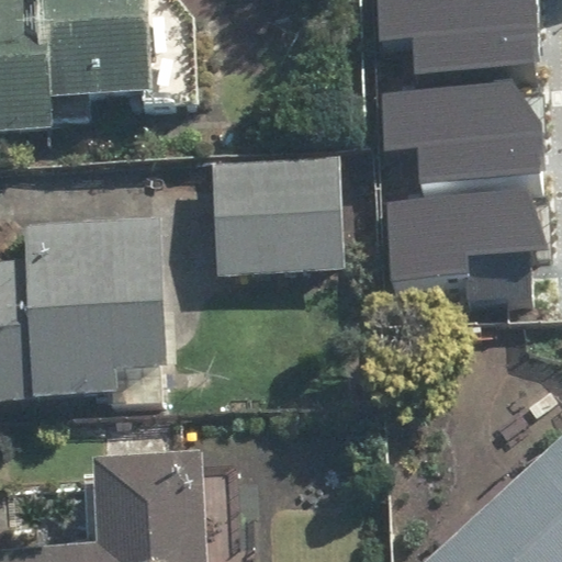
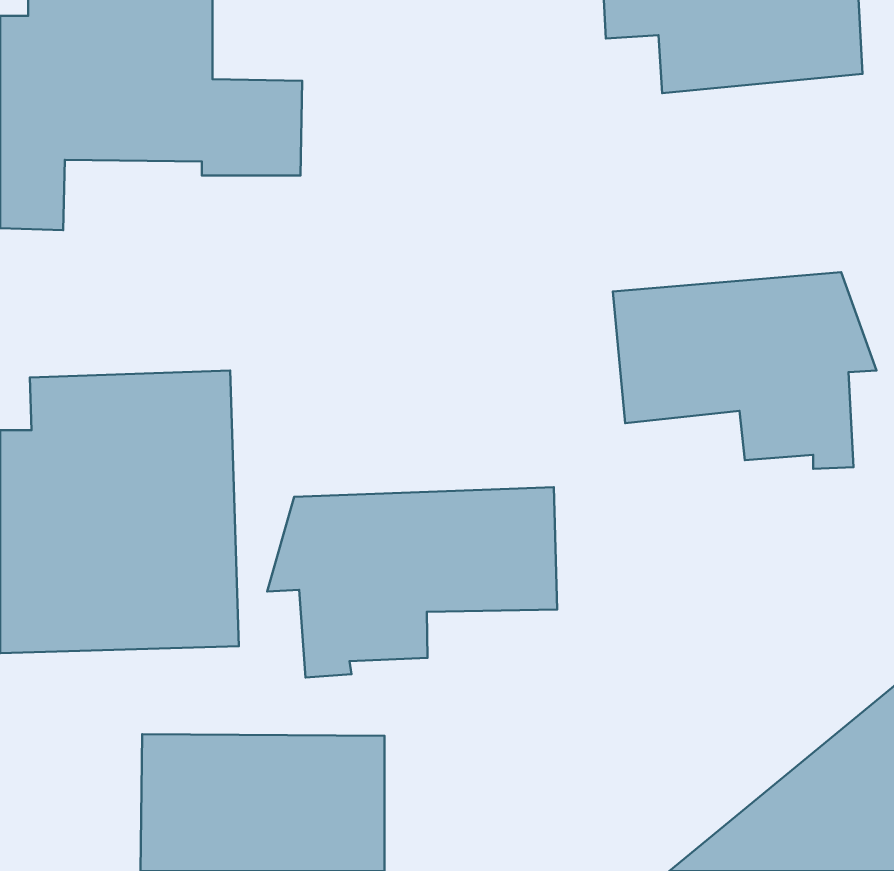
building: [379,63,549,168] -> none
building: [204,158,334,278] -> none
building: none -> [267,487,557,677]

